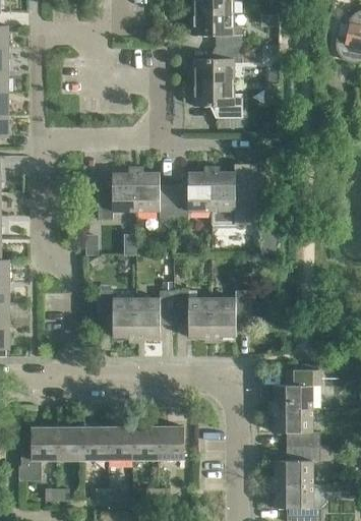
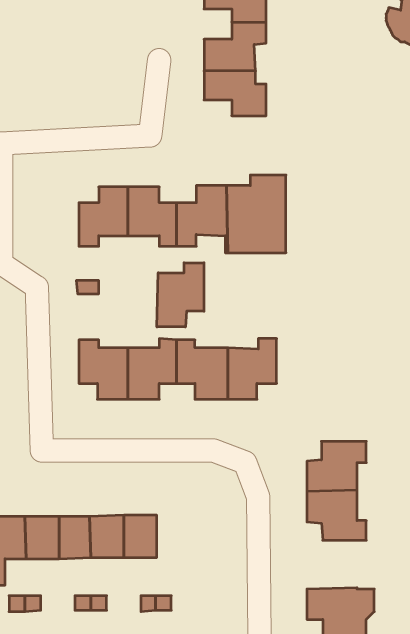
building: none -> [157,263,204,327]
building: [158,426,183,459] -> none
building: [274,446,319,483] -> none

